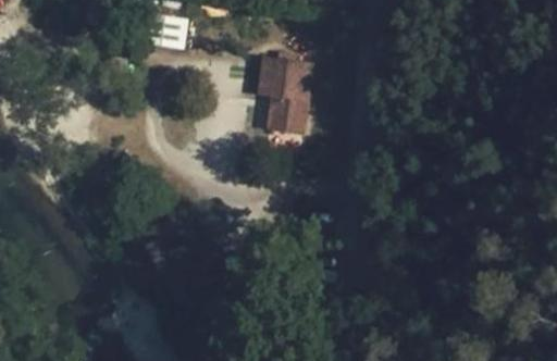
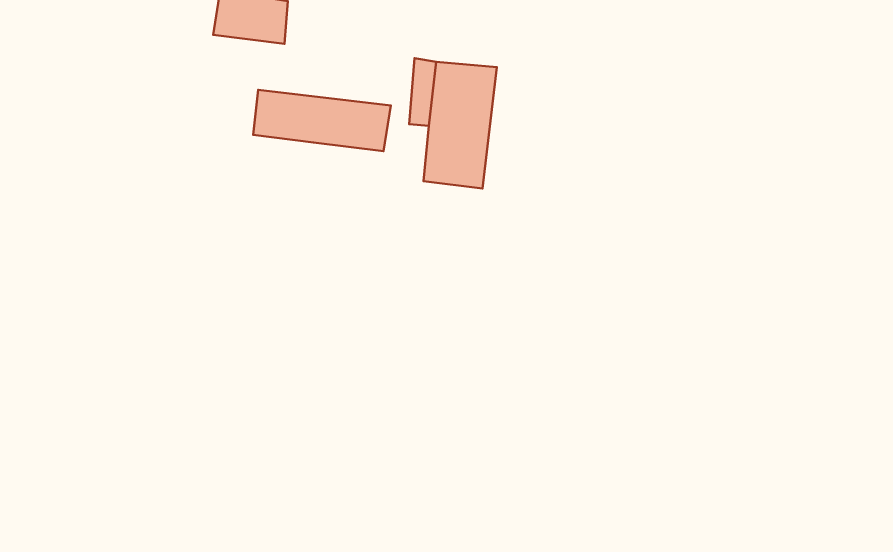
building: none -> [253,90,391,151]

